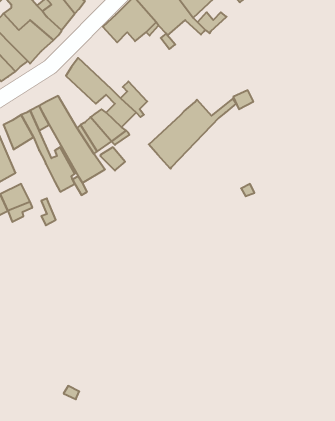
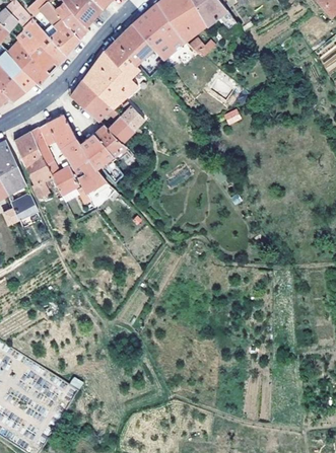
building: none -> [82,51,140,107]
building: [149,99,236,169] -> none
building: none -> [23,151,53,197]

